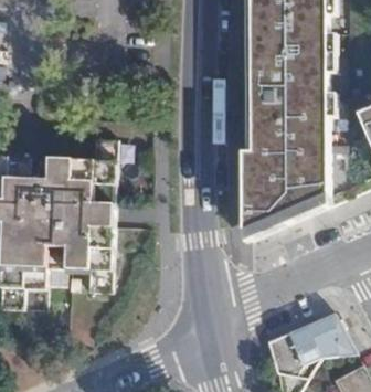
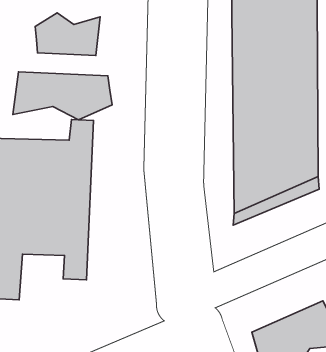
building: none -> [35,13,100,55]
building: none -> [13,72,112,120]

